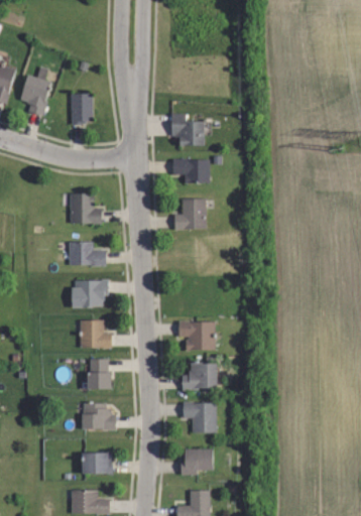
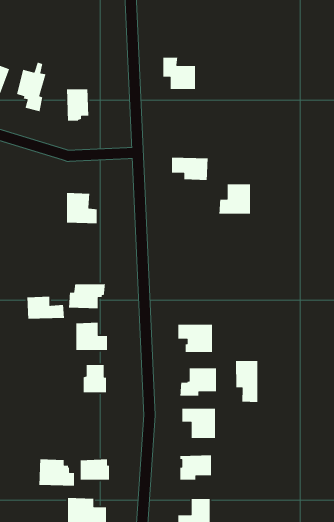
building: [172,114,205,146] -> [163,57,196,90]
building: [173,198,205,228] -> [219,183,251,214]
building: [69,242,106,265] -> [26,296,65,320]
building: none -> [235,360,258,403]
building: [82,401,117,428] -> [39,459,75,487]

